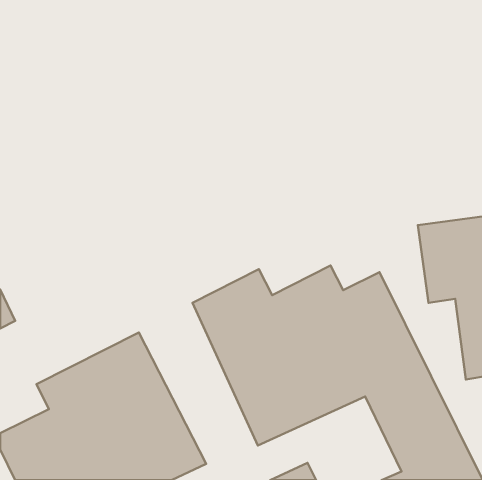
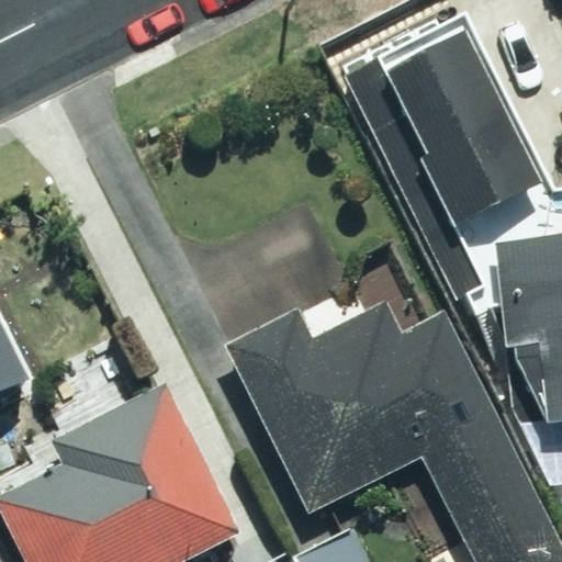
building: none -> [382,38,531,231]

